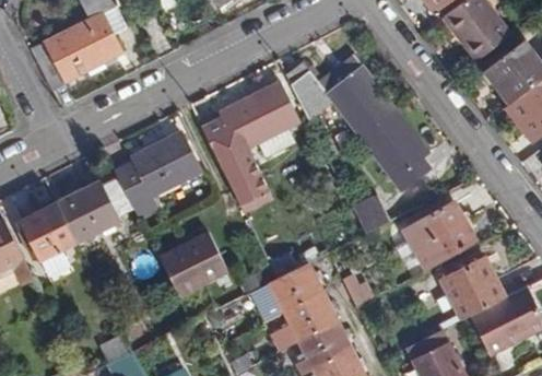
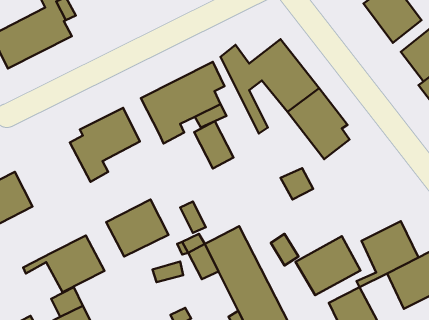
building: [223,158,267,211] -> [194,121,234,168]
building: [58,183,117,240] -> none
building: [403,201,475,267] -> [295,236,360,295]
building: none -> [23,236,104,292]

